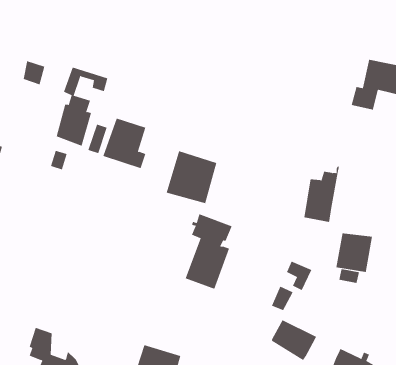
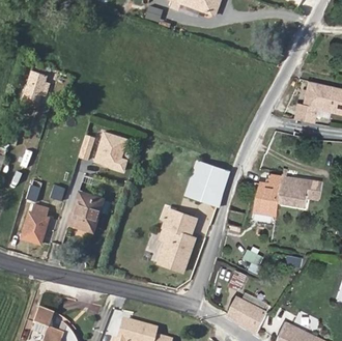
building: [56,67,108,147] -> [21,178,64,245]
building: [166,150,217,204] -> [187,162,229,206]
building: none -> [67,191,104,233]
building: [335,233,373,273] -> [281,175,312,208]

